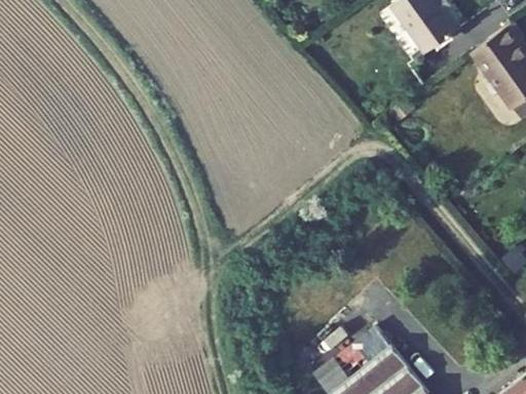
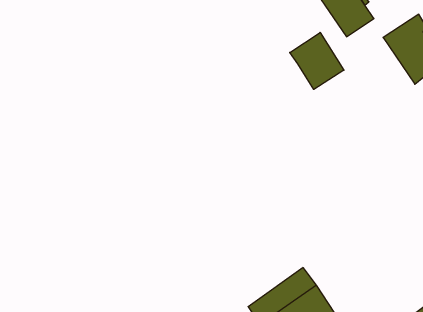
building: none -> [290,32,344,89]

